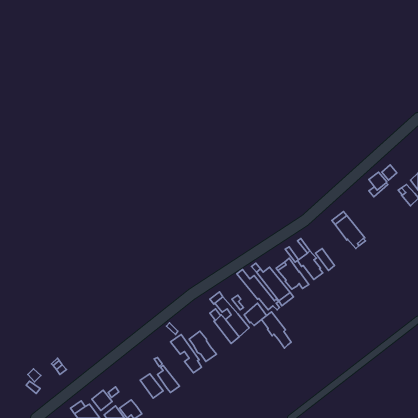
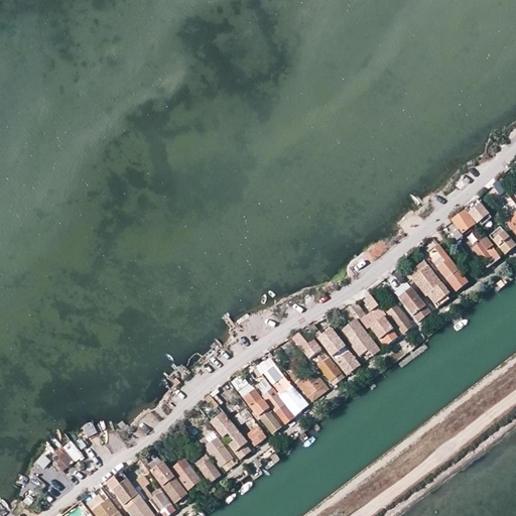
building: none -> [472,238,499,267]
building: none -> [434,244,468,291]
building: none -> [400,289,430,322]
building: [262,312,291,348] -> [244,388,280,432]
building: none -> [198,435,232,467]
building: none -> [150,462,186,502]

